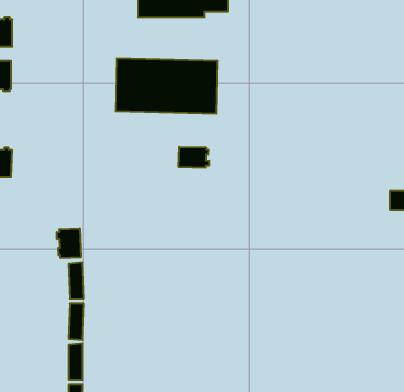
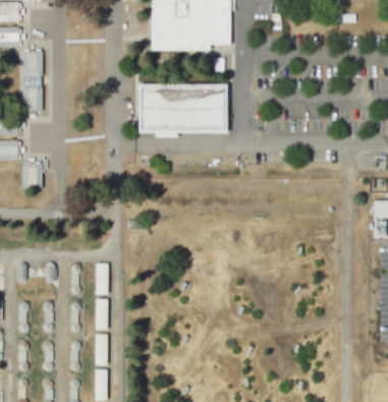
building: [179,147,209,168] -> none
building: [57,228,81,258] -> none

